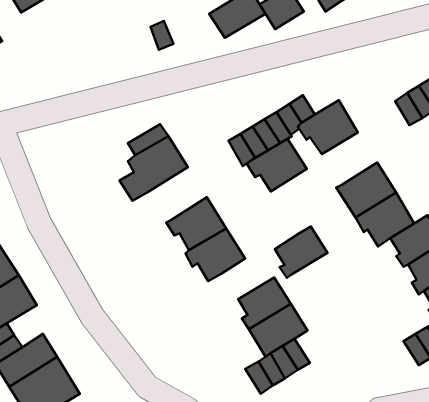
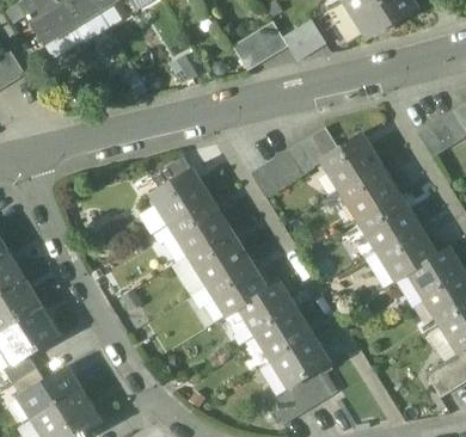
building: [247,139,307,191] -> [339,165,399,217]
building: none -> [170,199,229,252]
building: [275,226,328,278] -> [244,283,296,334]

